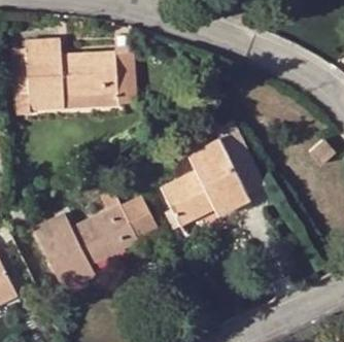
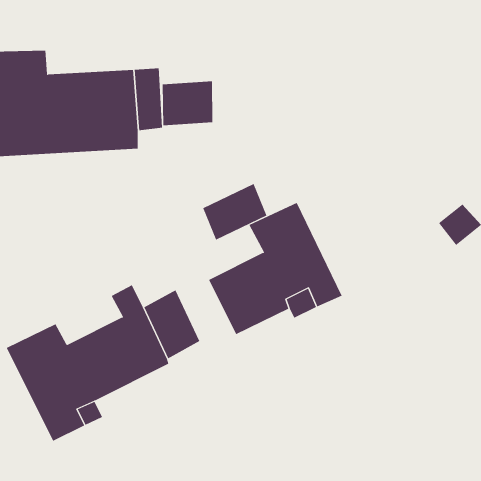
building: none -> [162,81,213,126]
building: none -> [203,183,267,241]

